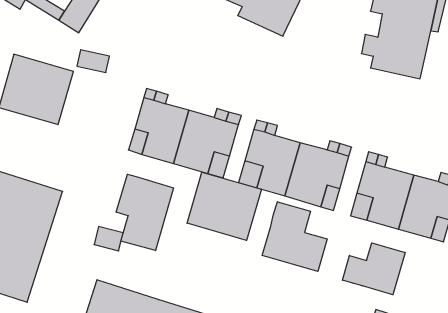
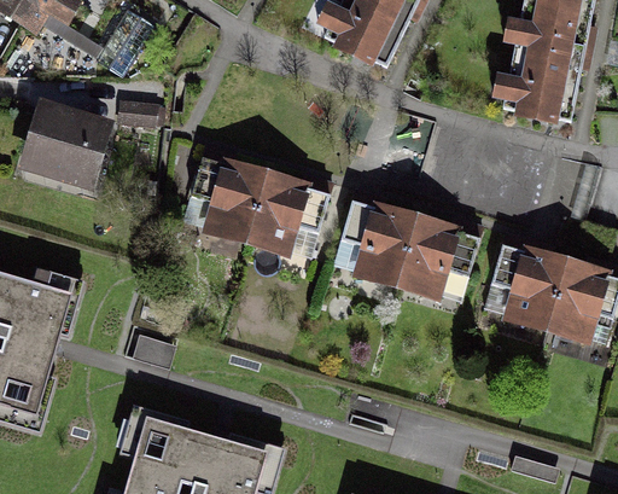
building: [187,172,261,240] -> none
building: [116,174,173,251] -> none
building: [262,202,327,271] -> none
building: [342,243,405,295] -> none

